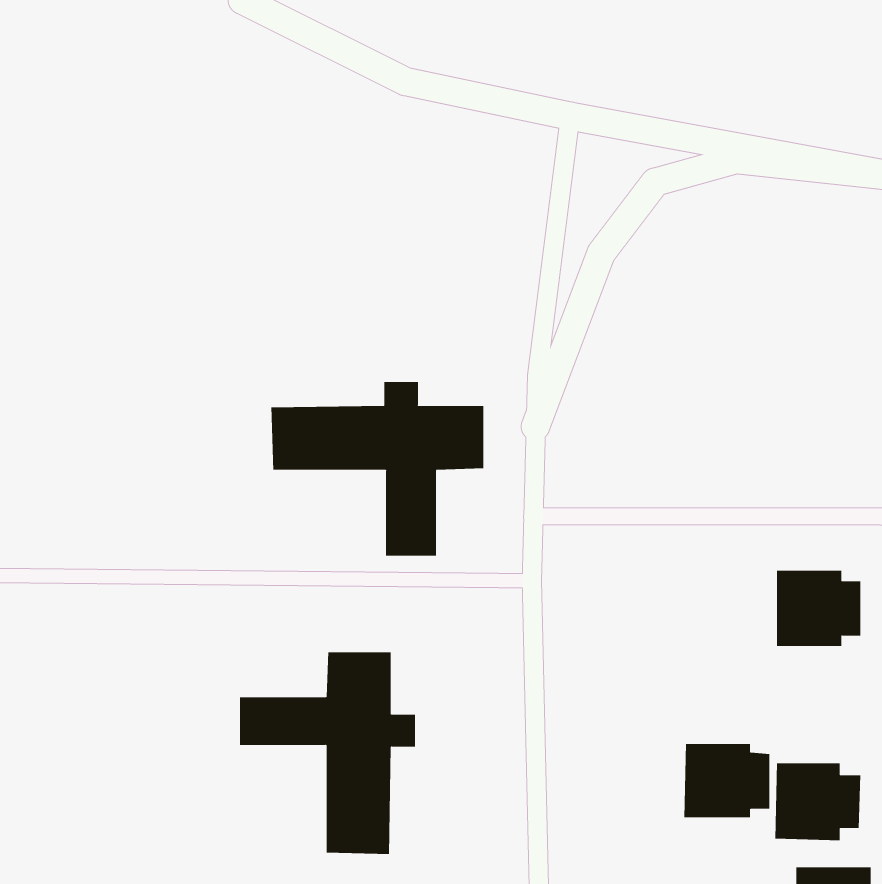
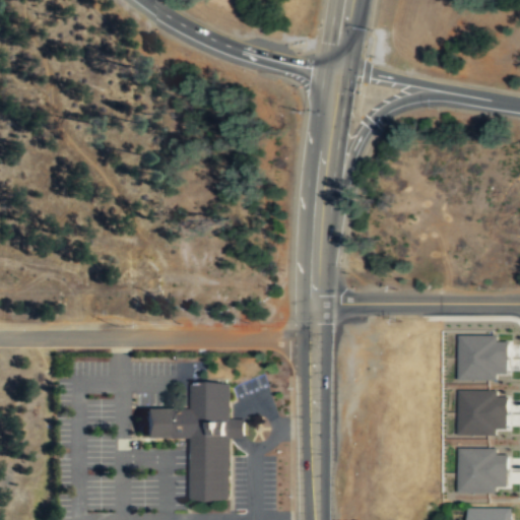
building: [271,381,484,556] -> none
building: [683,743,770,818] -> [454,391,505,435]

